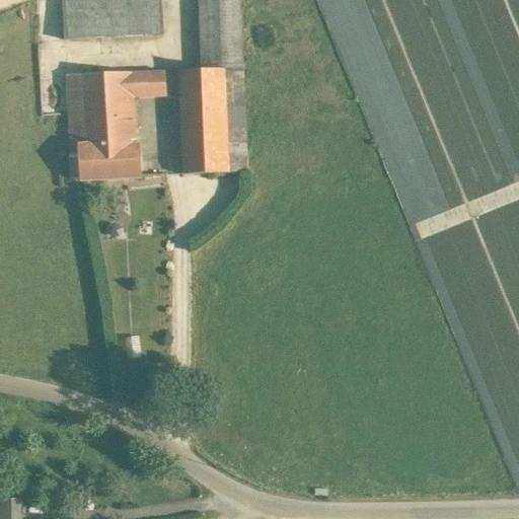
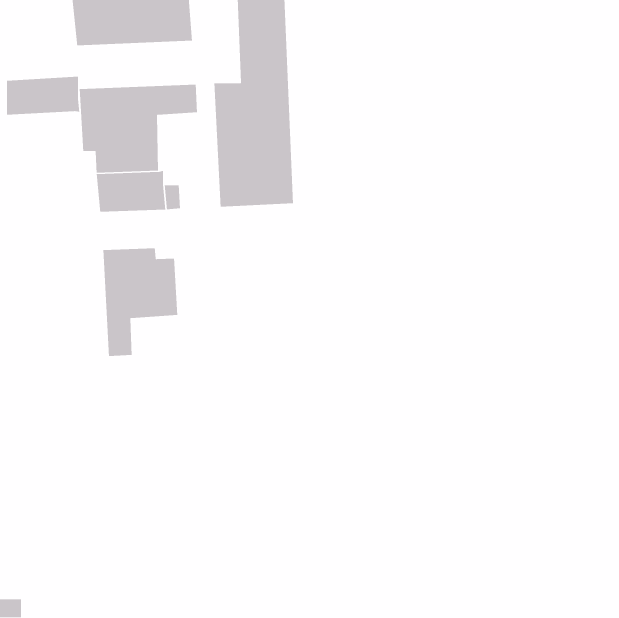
building: none -> [6,76,80,116]
building: none -> [102,248,178,357]

